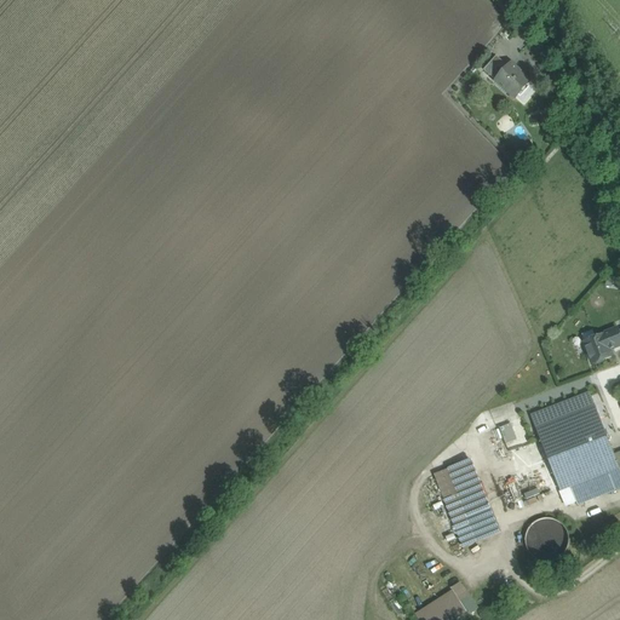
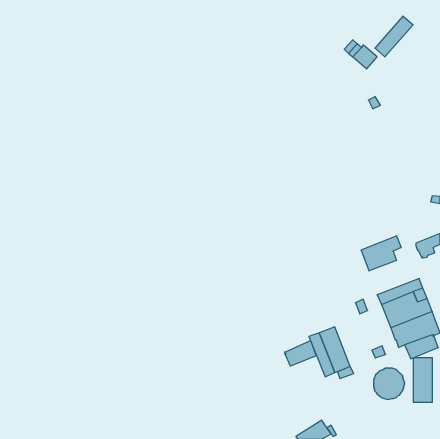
building: none -> [375,16,413,57]
building: none -> [361,236,401,271]
building: none -> [285,340,316,366]
building: none -> [414,358,432,402]

